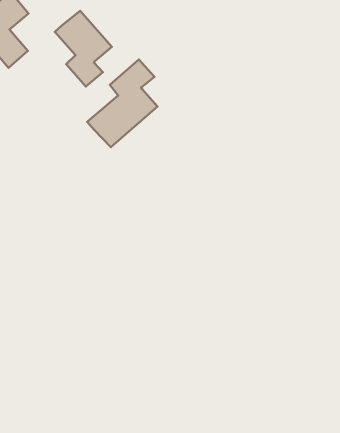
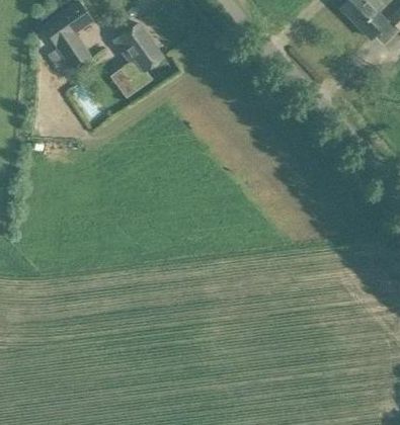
building: [87,60,158,147] -> none

